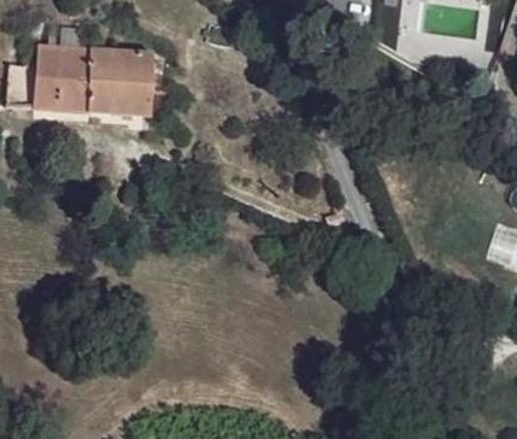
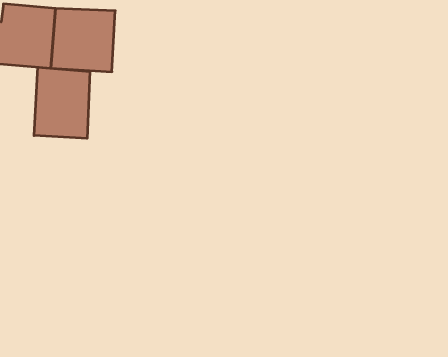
building: none -> [34,67,90,138]

